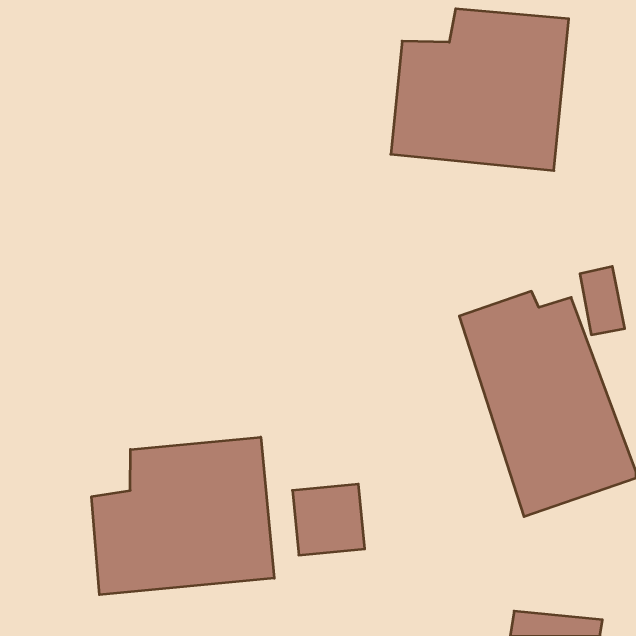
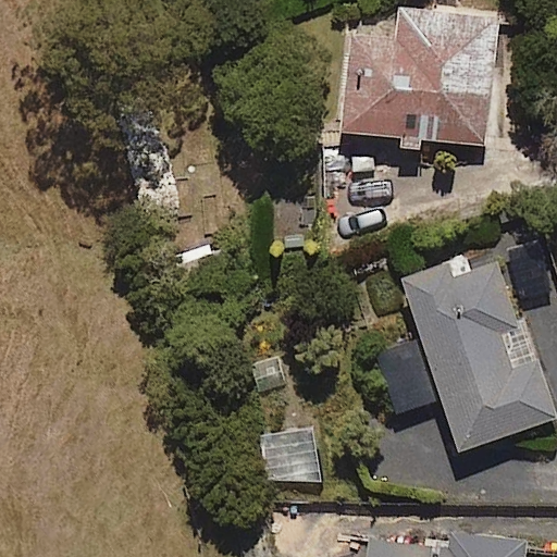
building: [92,437,274,595] -> none

